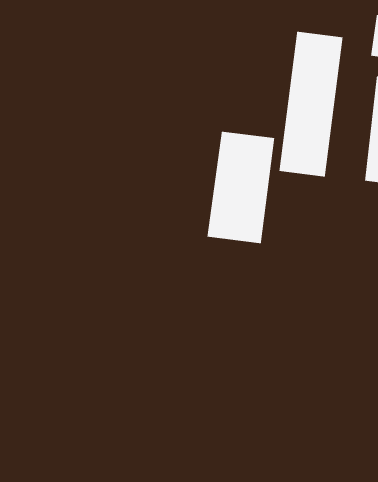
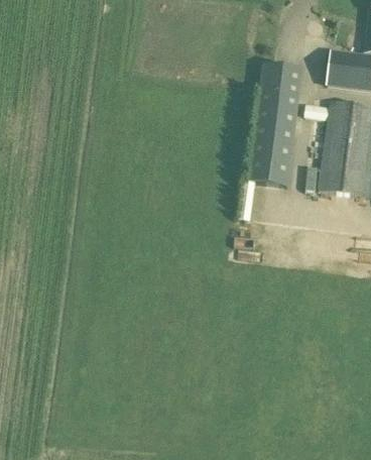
building: [206,131,275,244] -> none

